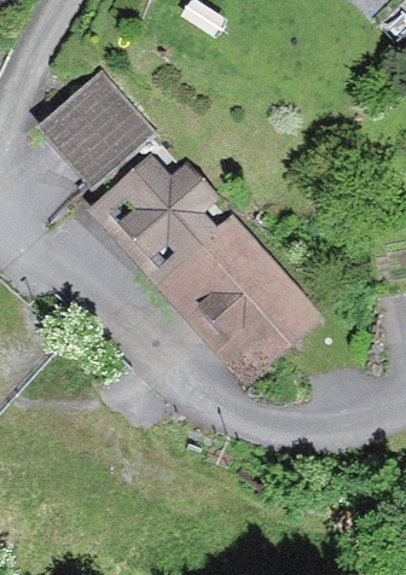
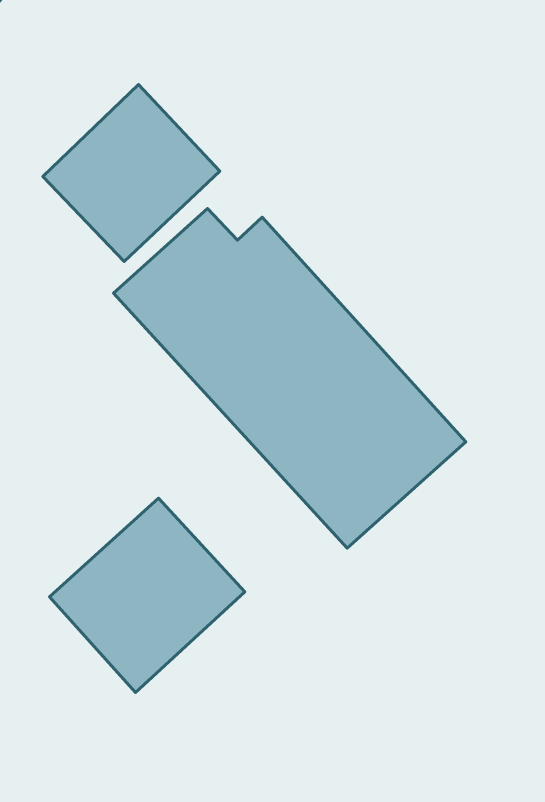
building: none -> [49,498,245,692]

